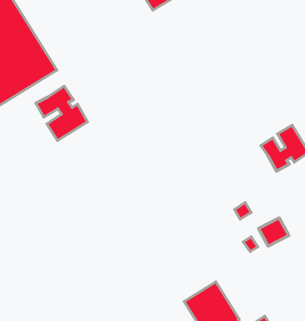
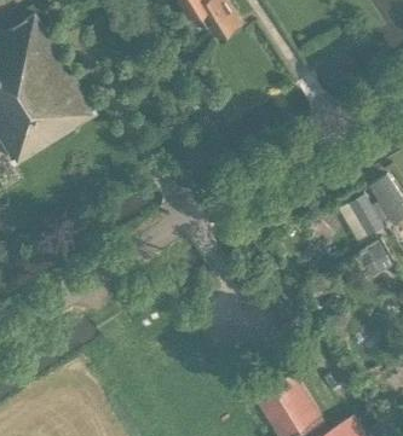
building: [36,86,87,140] -> none
building: [258,218,289,246] -> [353,245,391,280]

